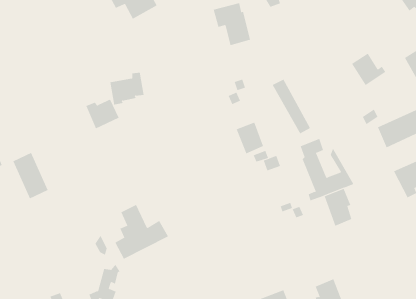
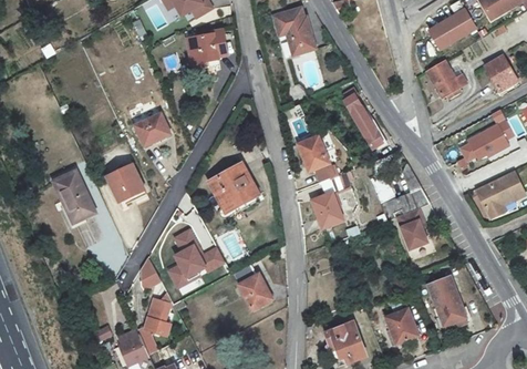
building: none -> [425,9,477,51]
building: [109,72,145,105] -> [189,31,228,68]
building: none -> [210,164,260,213]
building: none -> [107,165,144,202]
building: none -> [312,193,343,229]
building: none -> [234,265,272,310]
building: none -> [430,271,468,327]

